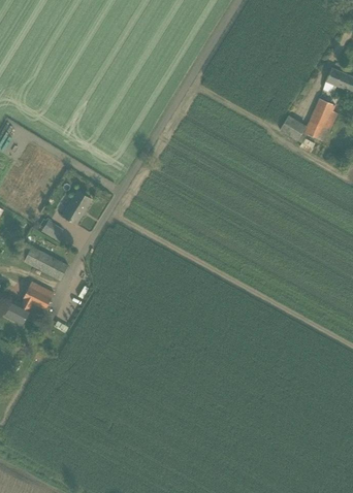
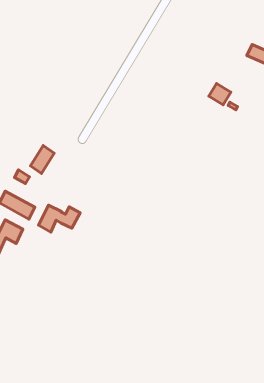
building: [302,97,336,141] -> none
building: none -> [38,205,80,232]

